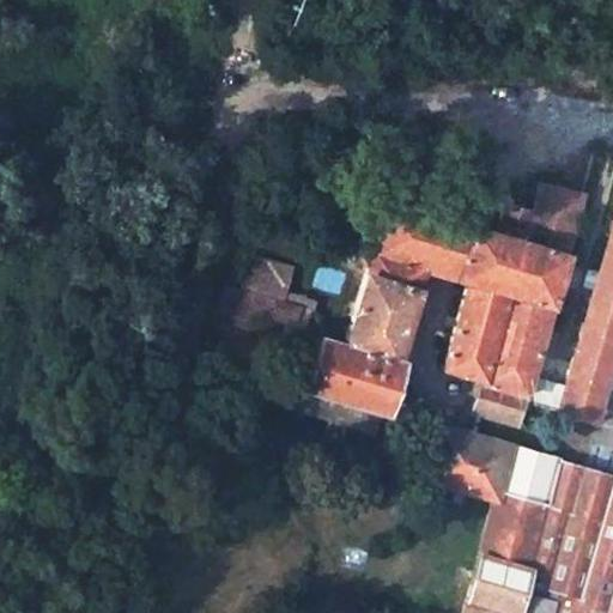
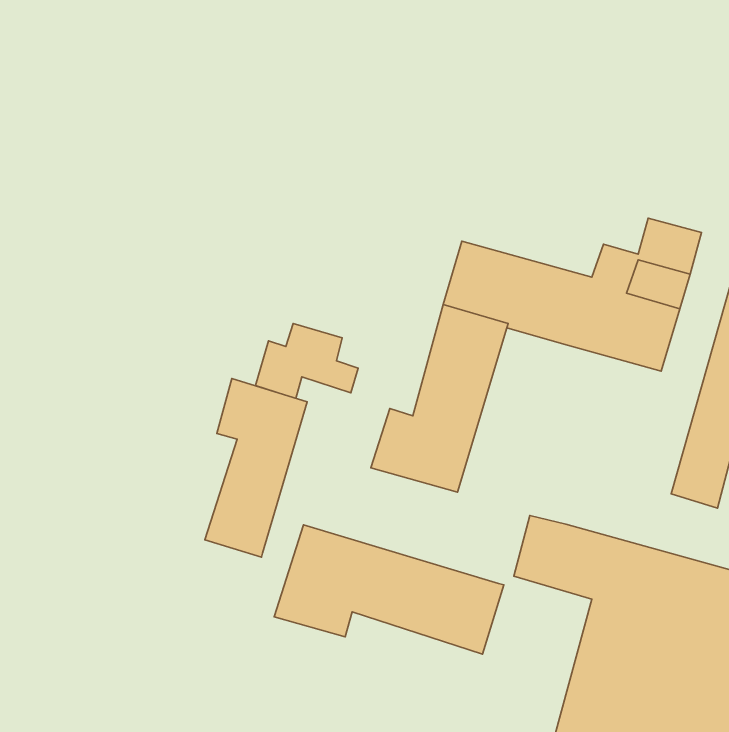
building: [449,290,556,429] -> none
building: none -> [205,379,307,557]
building: none -> [274,525,504,654]

